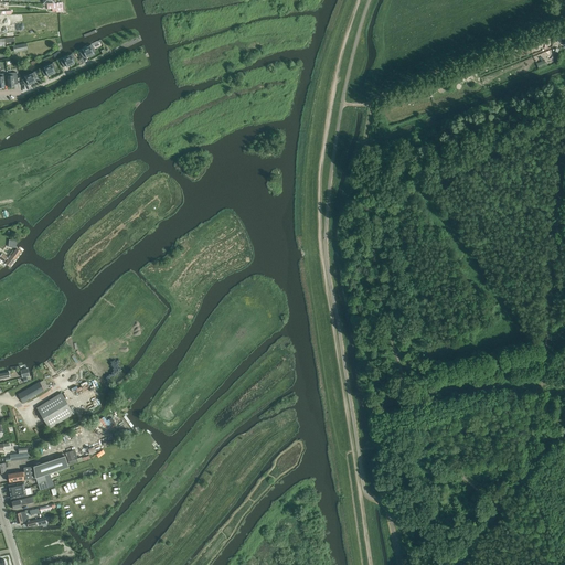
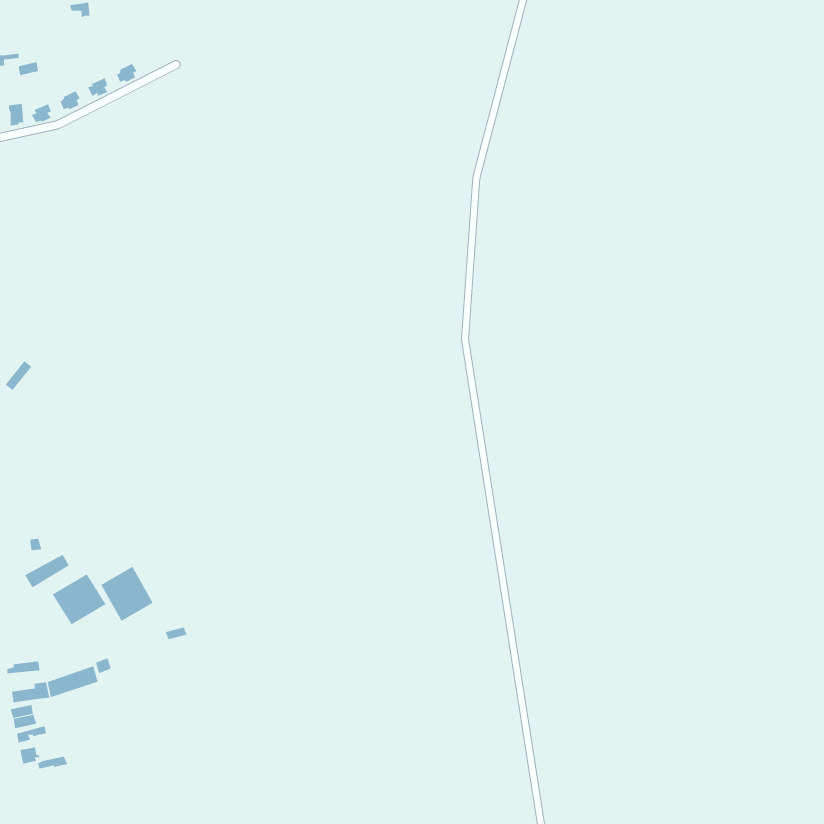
building: none -> [101,566,153,622]

